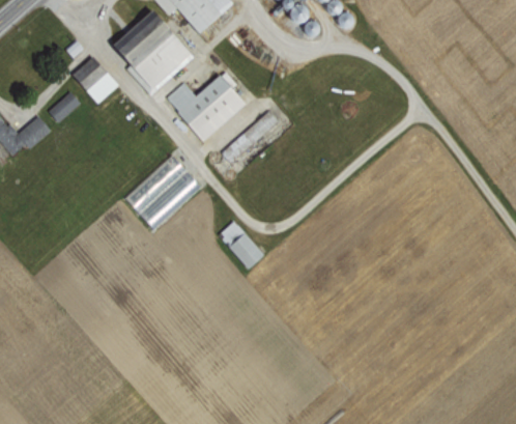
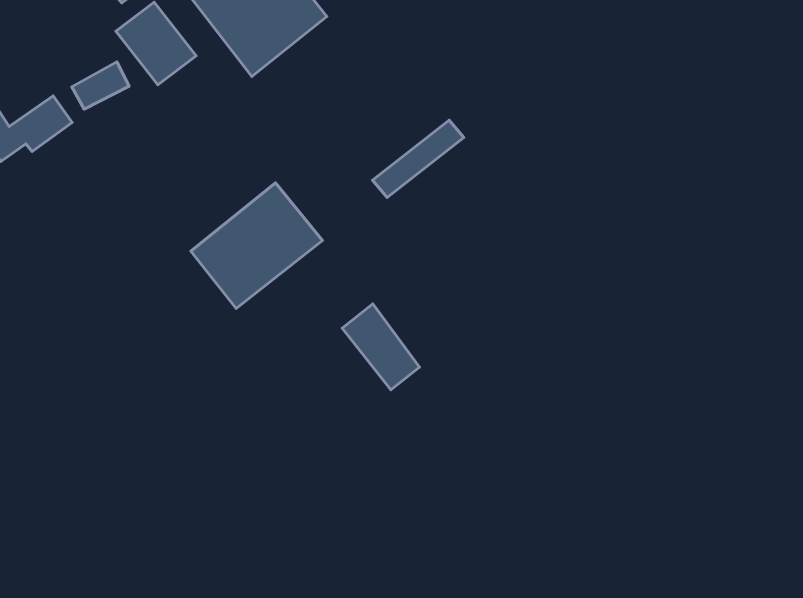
building: [168,75,246,141] -> none

